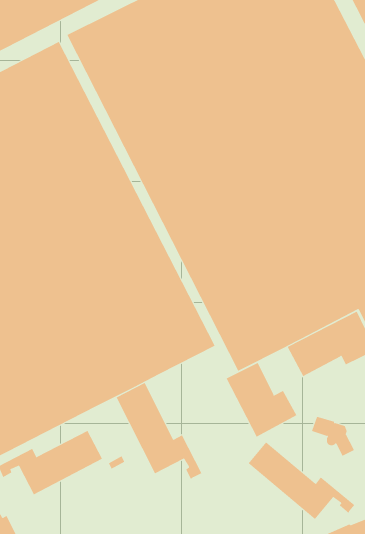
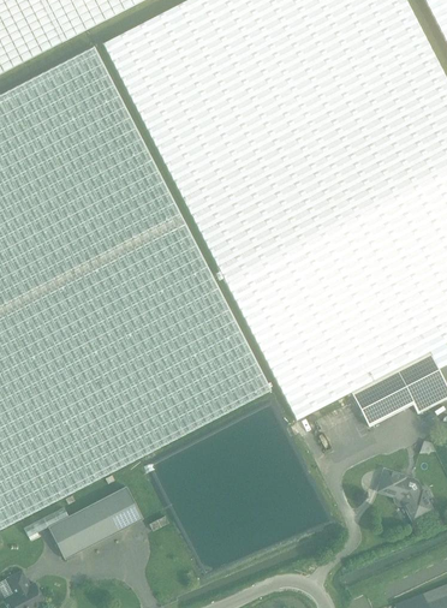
building: [226,362,297,437] -> none
building: [116,382,202,480] -> none
building: [248,442,355,520] -> none

